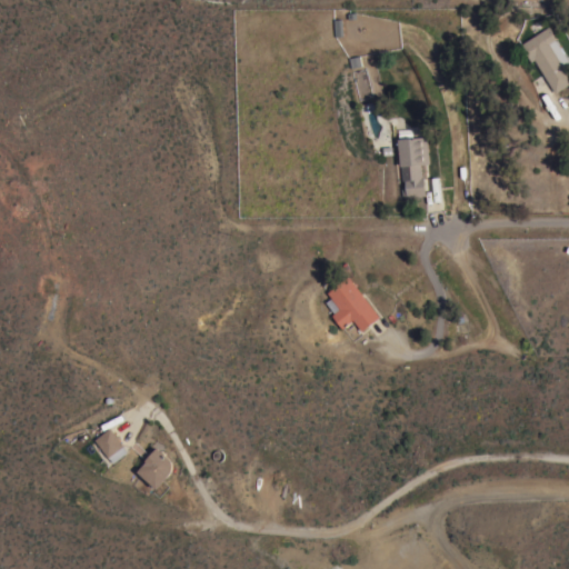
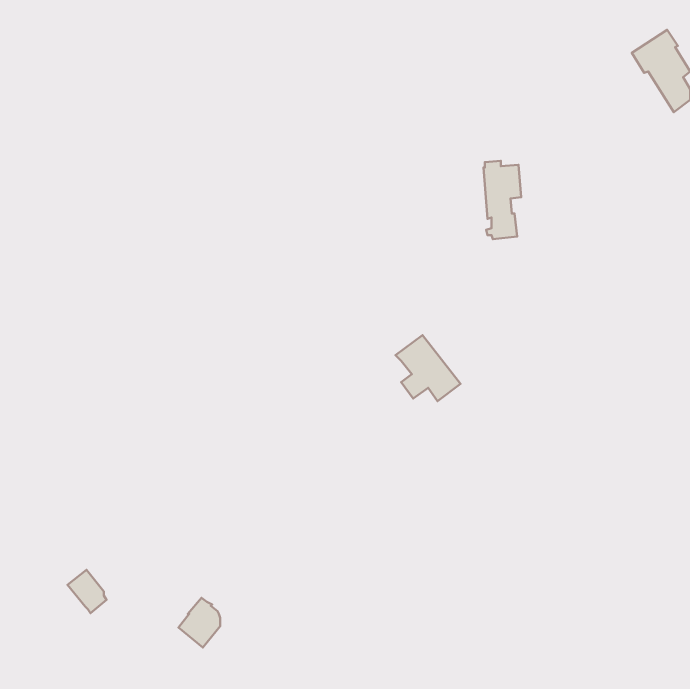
building: [94,428,127,463] -> [67,570,107,613]
building: [138,448,172,489] -> [178,598,220,648]

